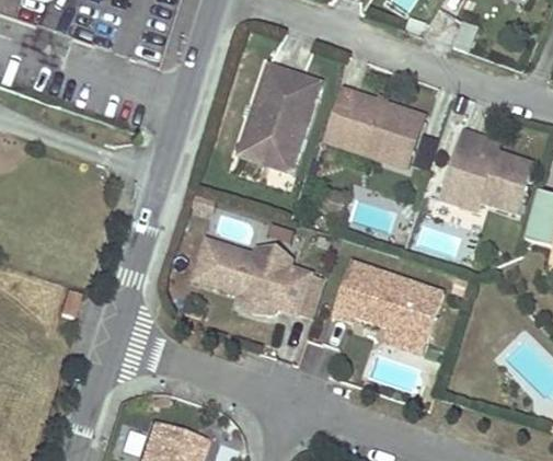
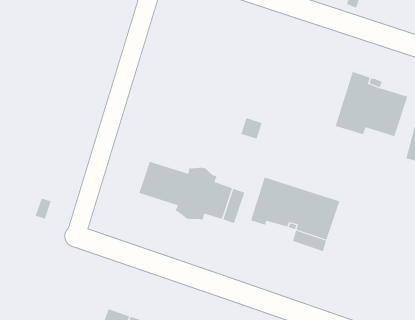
building: [239,65,322,173] -> none
building: [324,89,422,168] -> none

